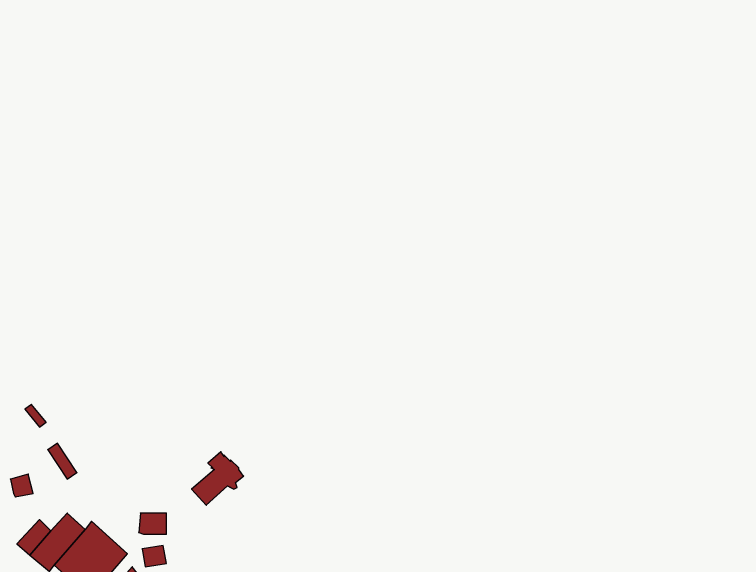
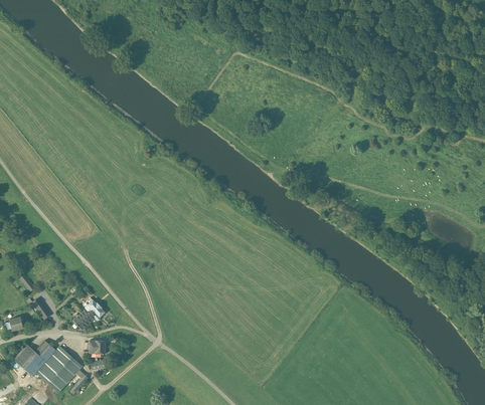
building: [192,452,244,505] -> [73,297,106,331]

